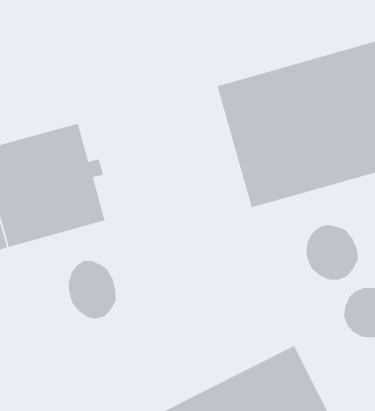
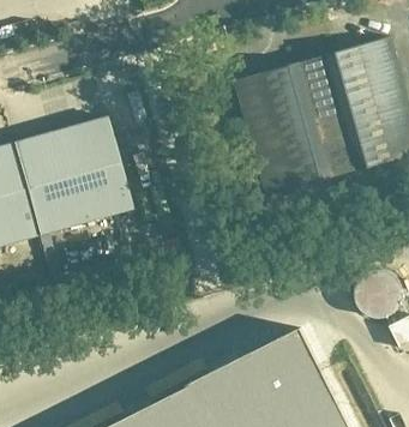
building: [305,224,359,281] -> none
building: [68,260,117,319] -> none

